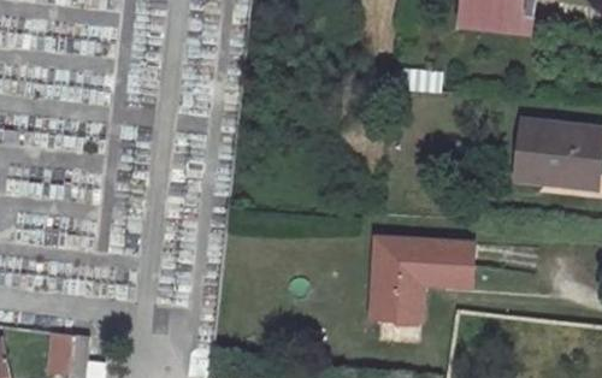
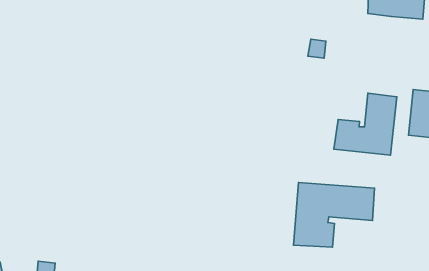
building: none -> [334,93,397,155]

